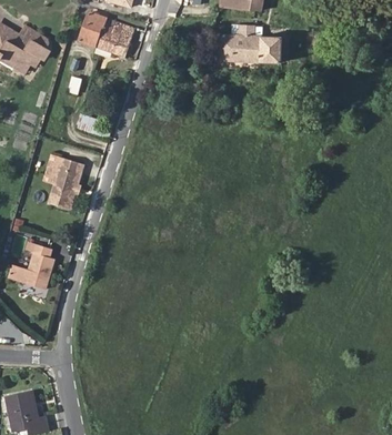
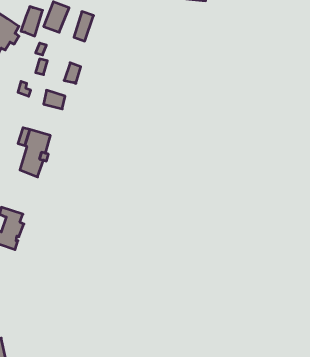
building: [96,19,120,52] -> [21,7,43,36]
building: [213,26,282,63] -> none

